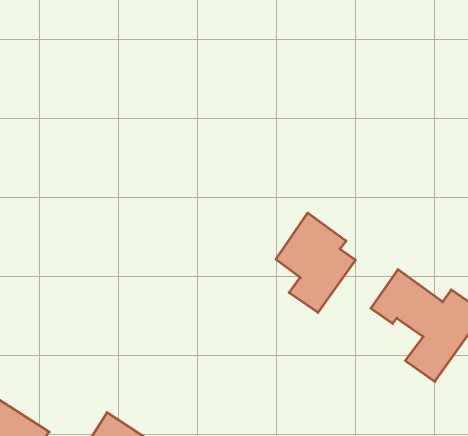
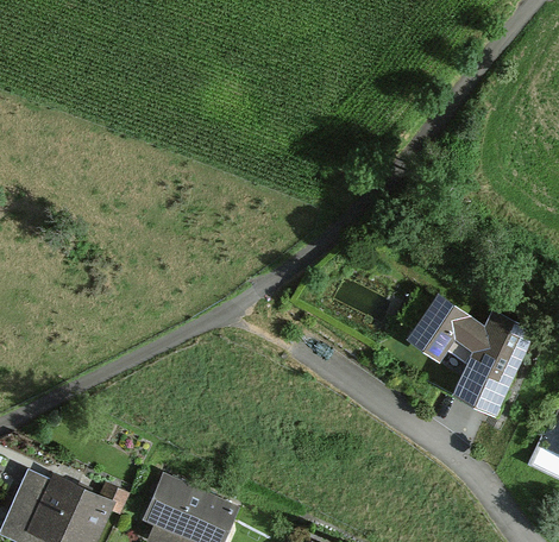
building: [276,213,355,313] -> none

